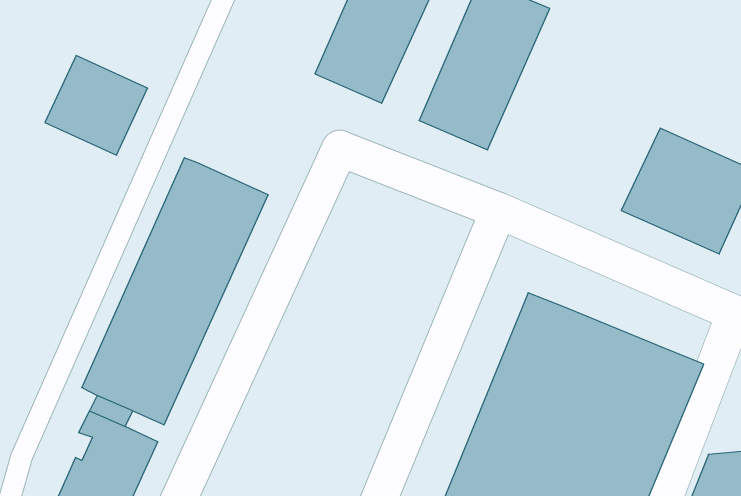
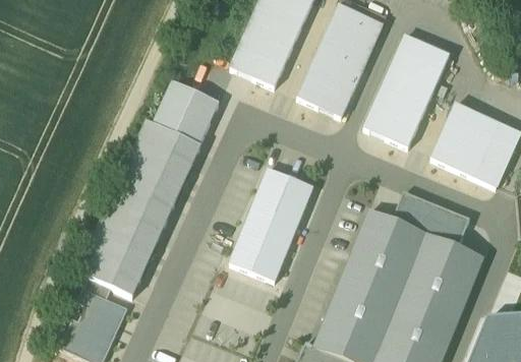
building: none -> [364,36,449,147]
building: [45,56,148,155] -> [153,81,220,146]
building: none -> [229,169,312,281]
building: none -> [393,195,467,246]

